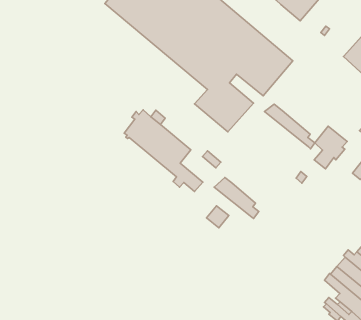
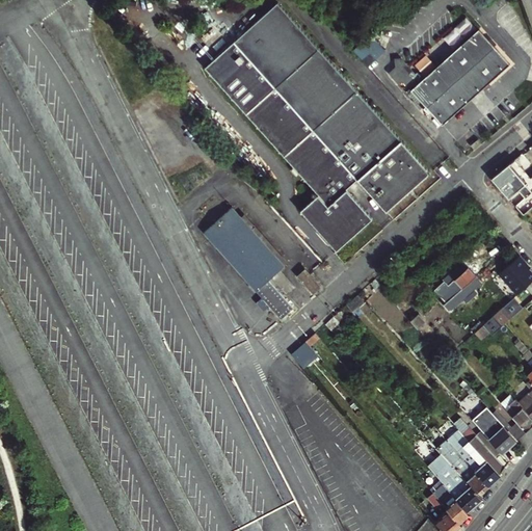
building: [265,104,315,149] -> none
building: [214,178,259,219] -> none

